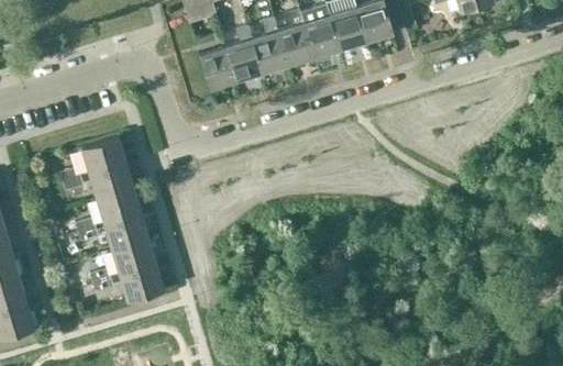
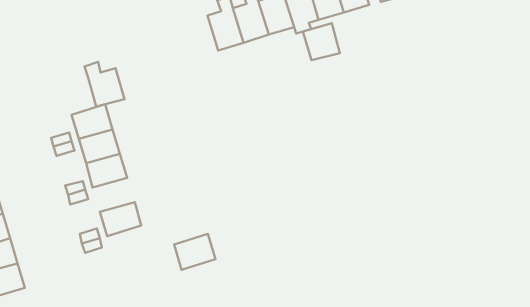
building: [198,44,235,88] -> none
building: none -> [303,23,340,60]
building: none -> [84,62,124,107]
building: [104,213,148,248] -> none
building: [120,263,163,300] -> [174,234,215,270]

